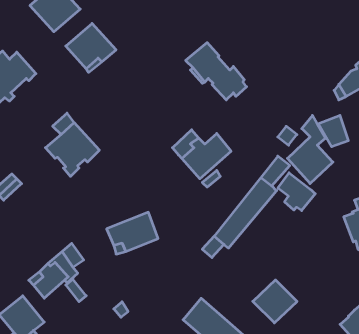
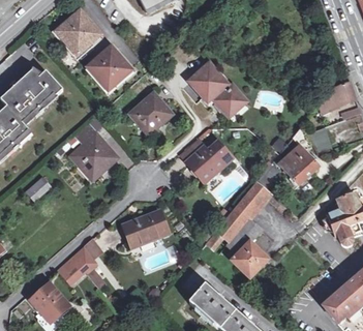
building: none -> [129,92,172,133]
building: [278,173,315,211] -> none
building: [253,280,297,323] -> [231,241,269,278]

